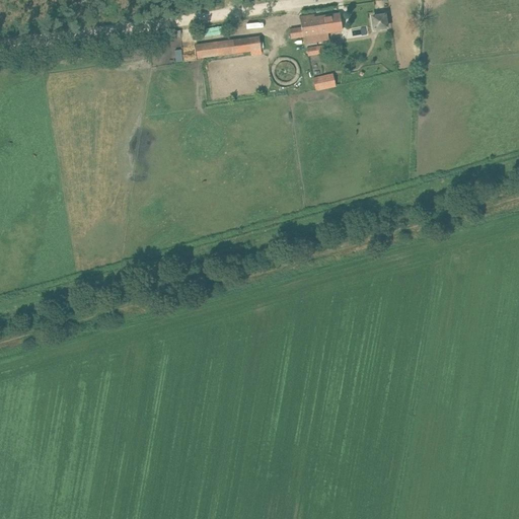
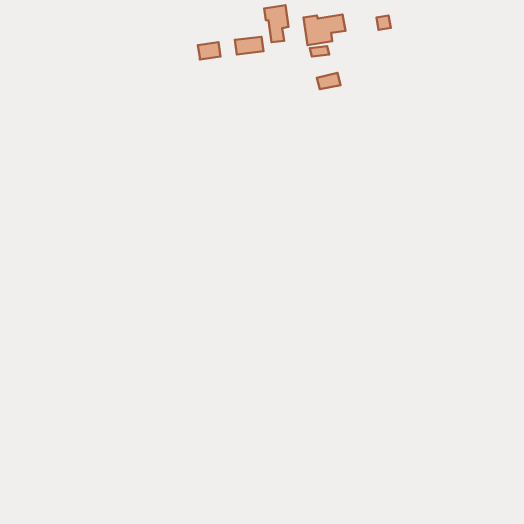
building: none -> [264,5,288,42]

